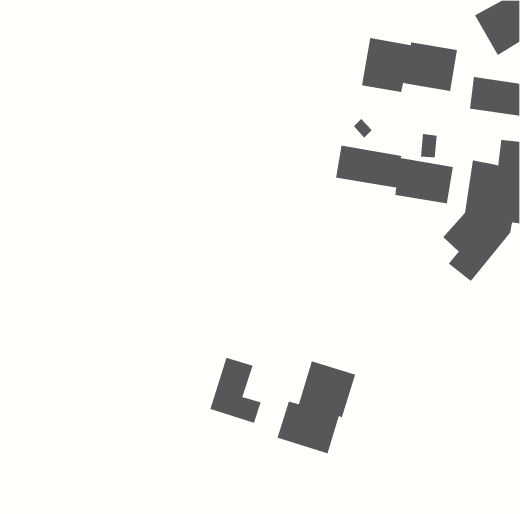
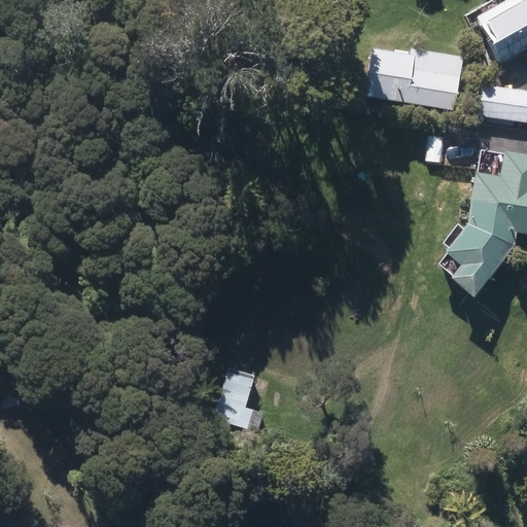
building: [335,145,454,204] -> none
building: [277,360,356,454] -> none

